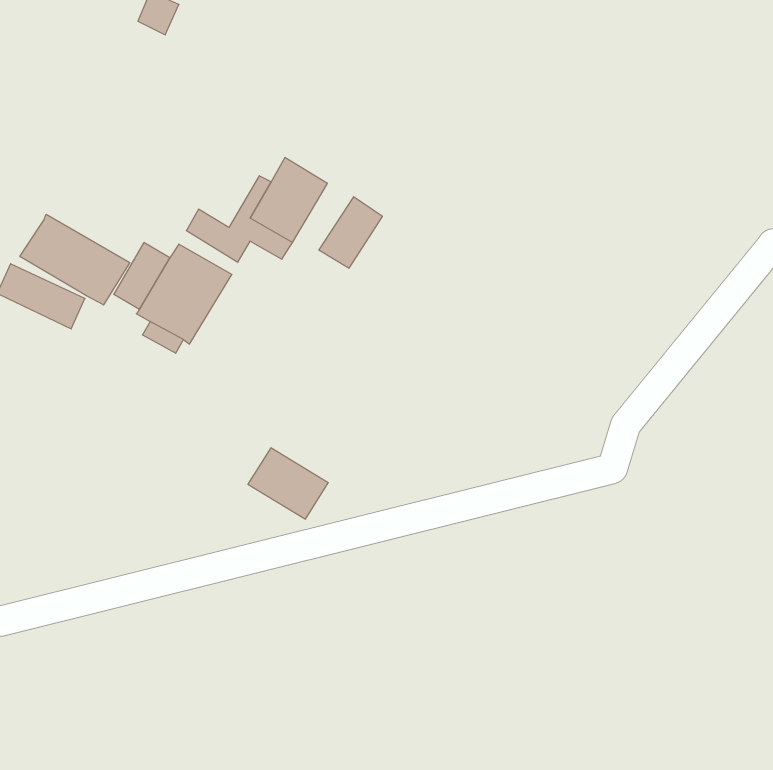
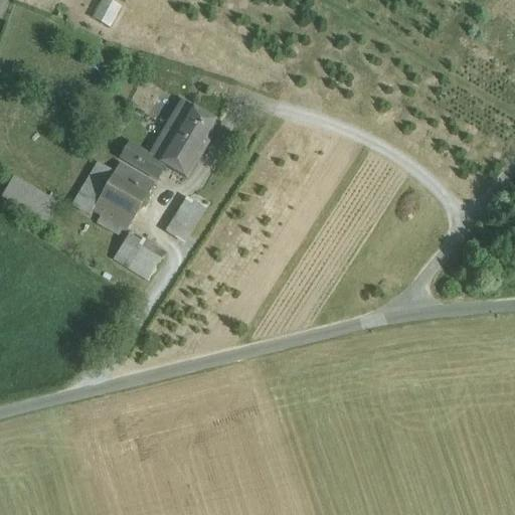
building: [319,197,382,268] -> [162,196,204,243]
building: [20,214,130,305] -> none
building: [248,448,328,519] -> [112,233,165,281]

